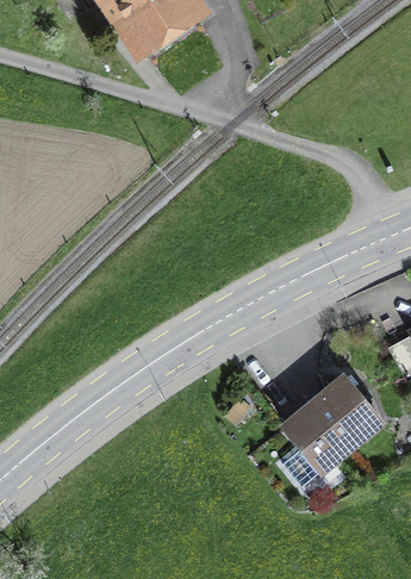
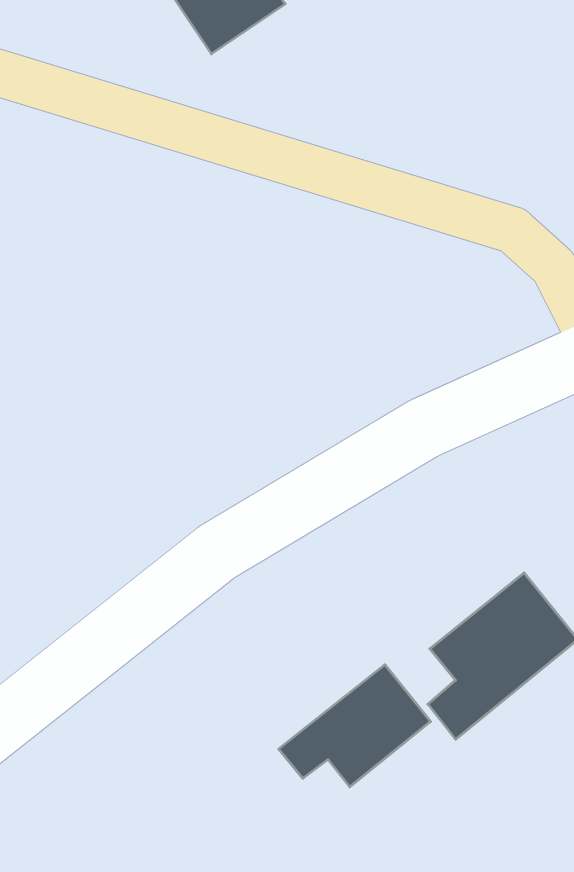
building: none -> [279,665,431,787]

